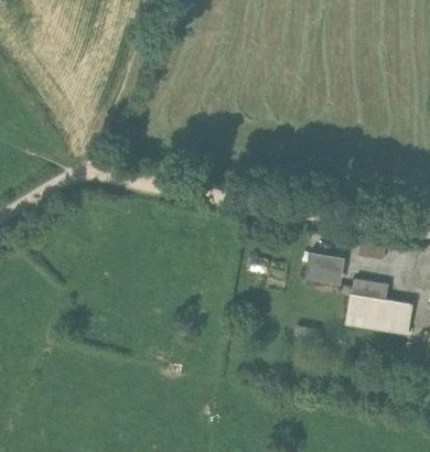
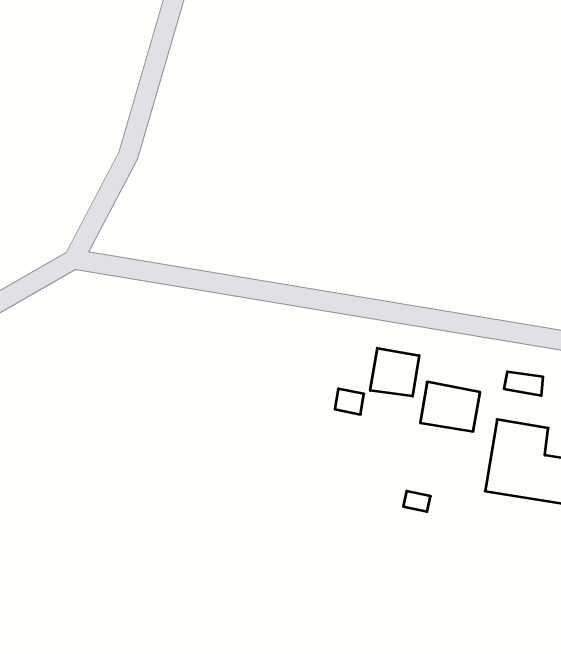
building: none -> [370,348,419,396]

